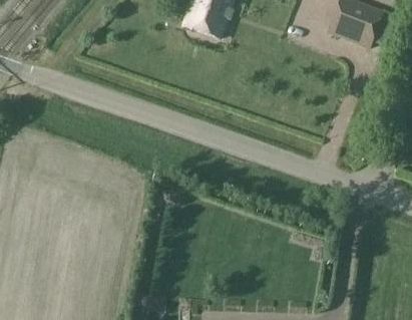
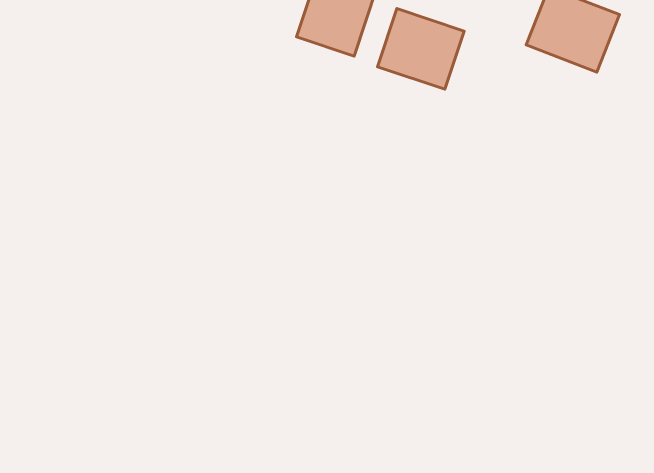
building: none -> [378,9,464,89]

